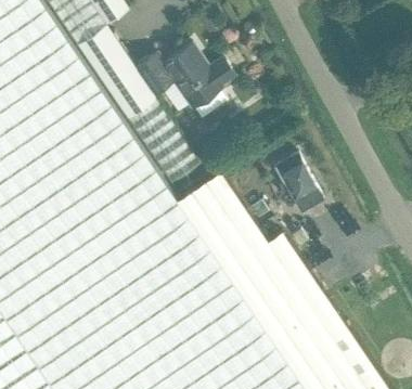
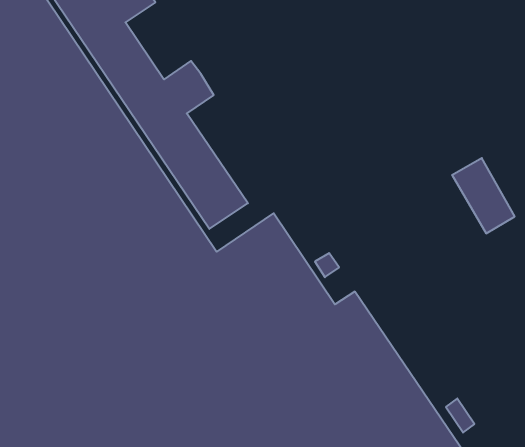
building: [164,44,234,119] -> none
building: [275,156,323,213] -> [452,158,515,233]

